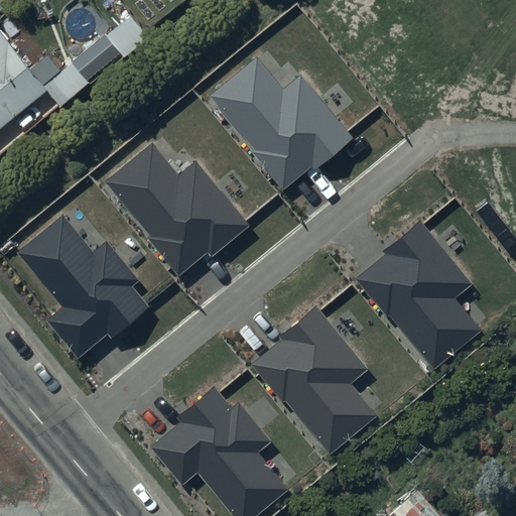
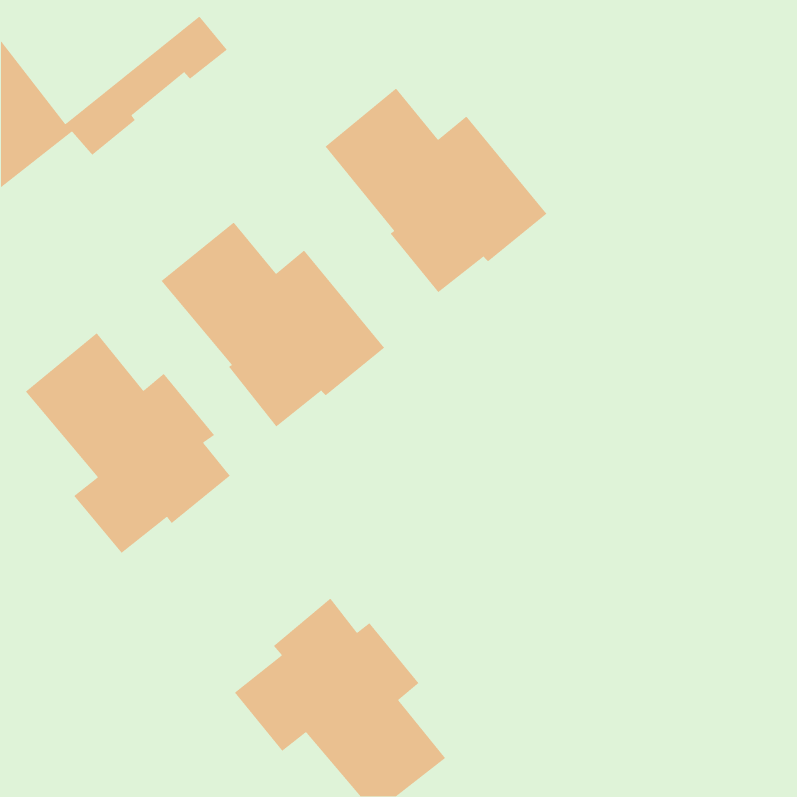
building: [356,220,482,370] -> none
building: [252,304,378,455] -> none

